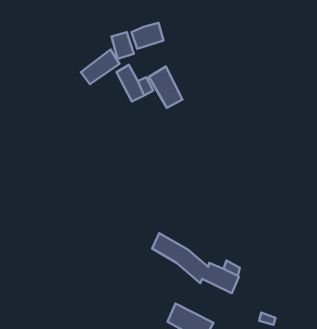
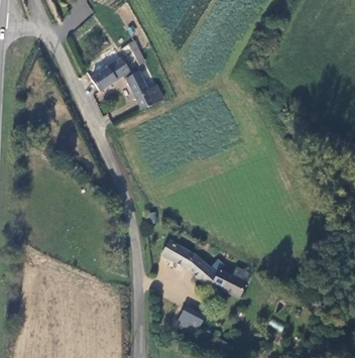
building: [132,23,163,49] -> none
building: [149,67,183,108] -> none

